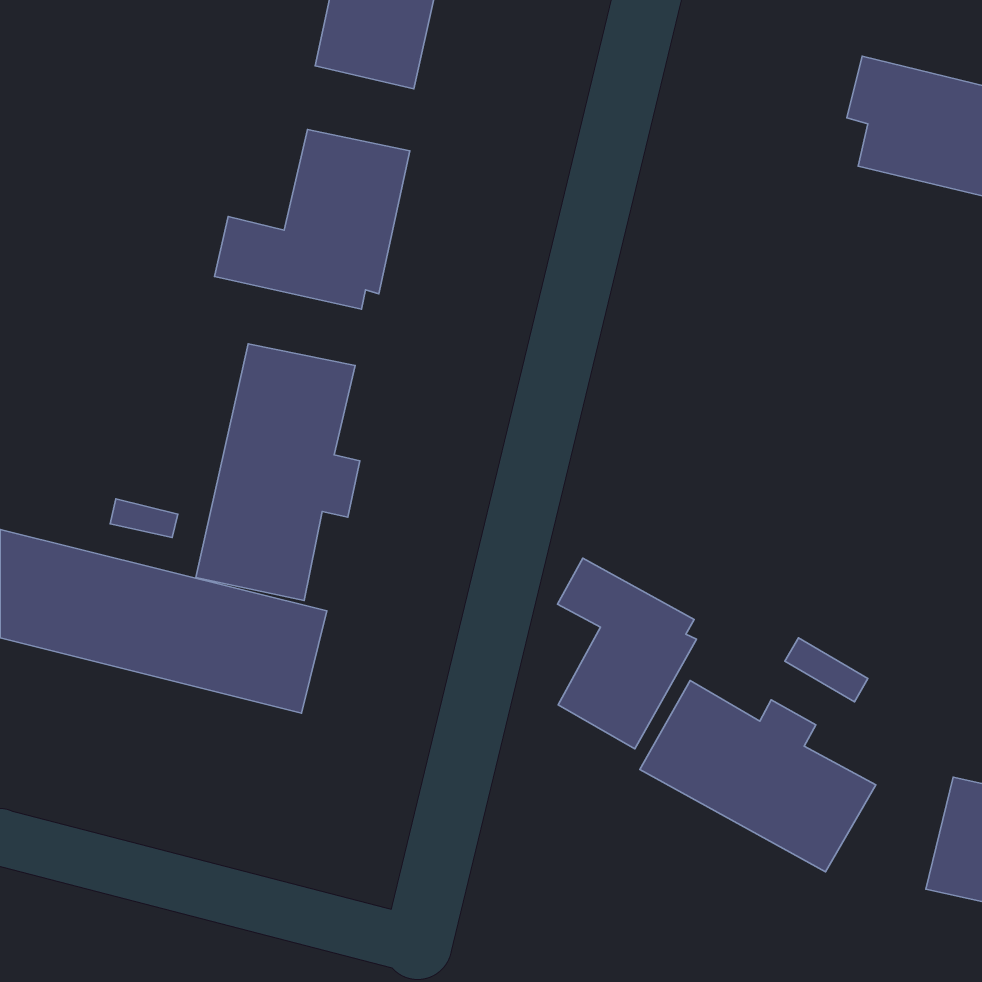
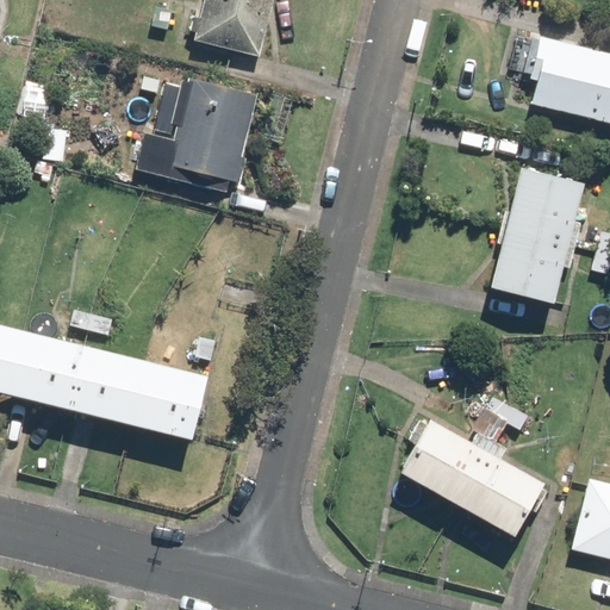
building: none -> [488,169,581,304]
building: [196,344,360,601] -> none
building: [558,558,696,749] -> none

